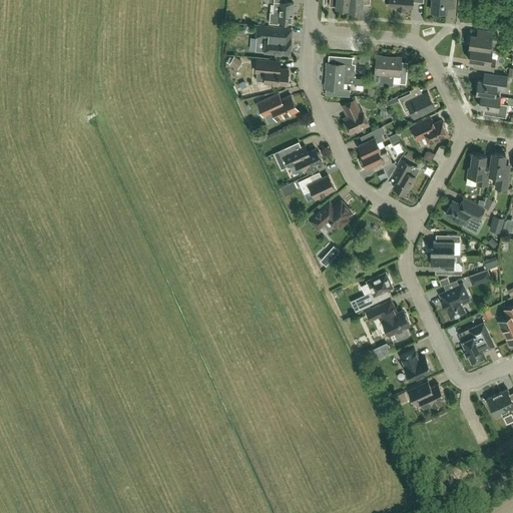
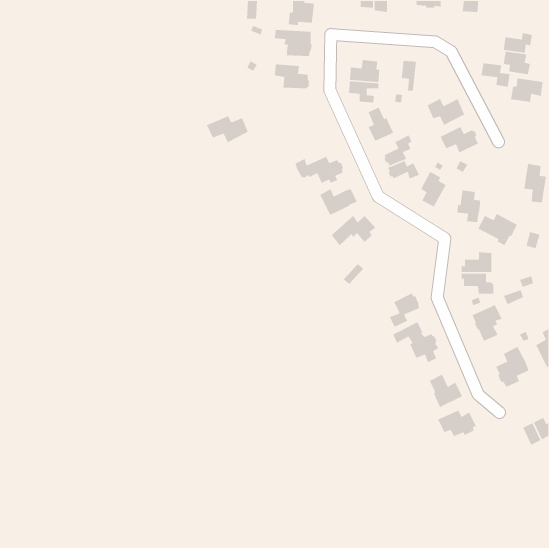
building: [386,58,406,87] -> none
building: [256,94,297,120] -> [206,115,249,143]
building: [476,94,507,118] -> [477,62,511,88]
building: [467,154,490,185] -> [457,189,481,223]

